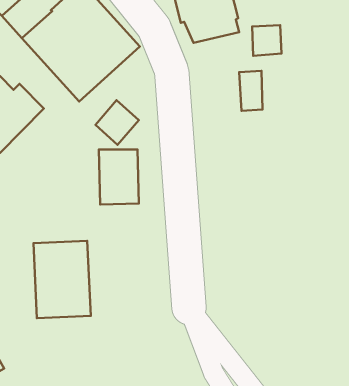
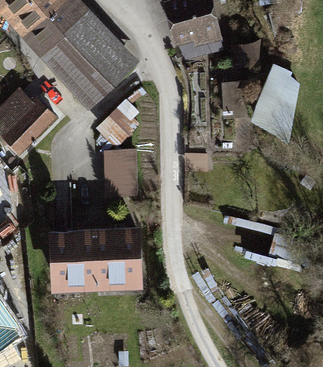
building: none -> [255,71,302,141]
building: none -> [93,226,142,291]

